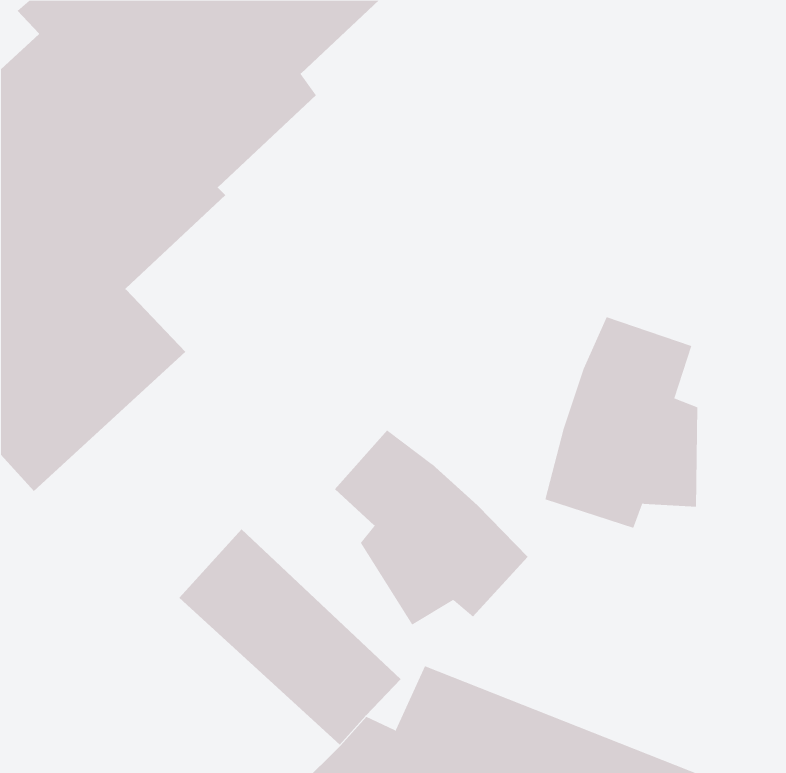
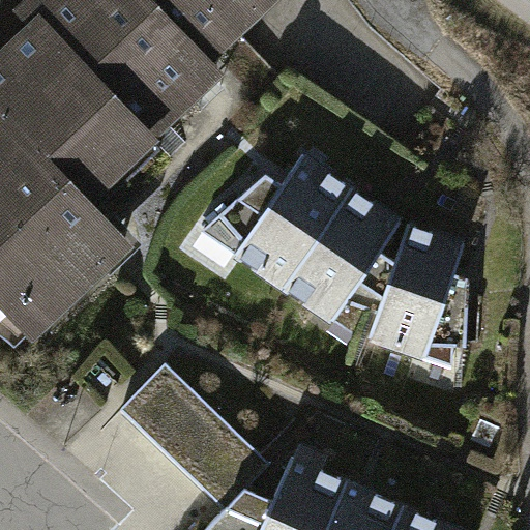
building: none -> [200,154,404,329]
building: [334,429,529,626] -> none

